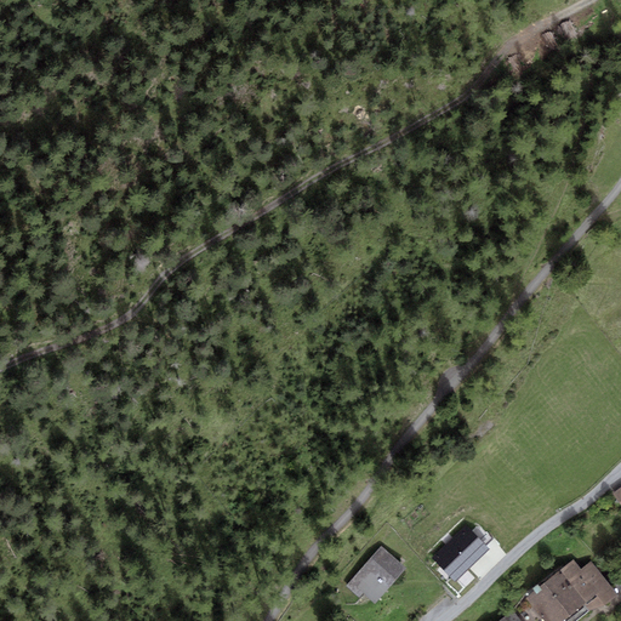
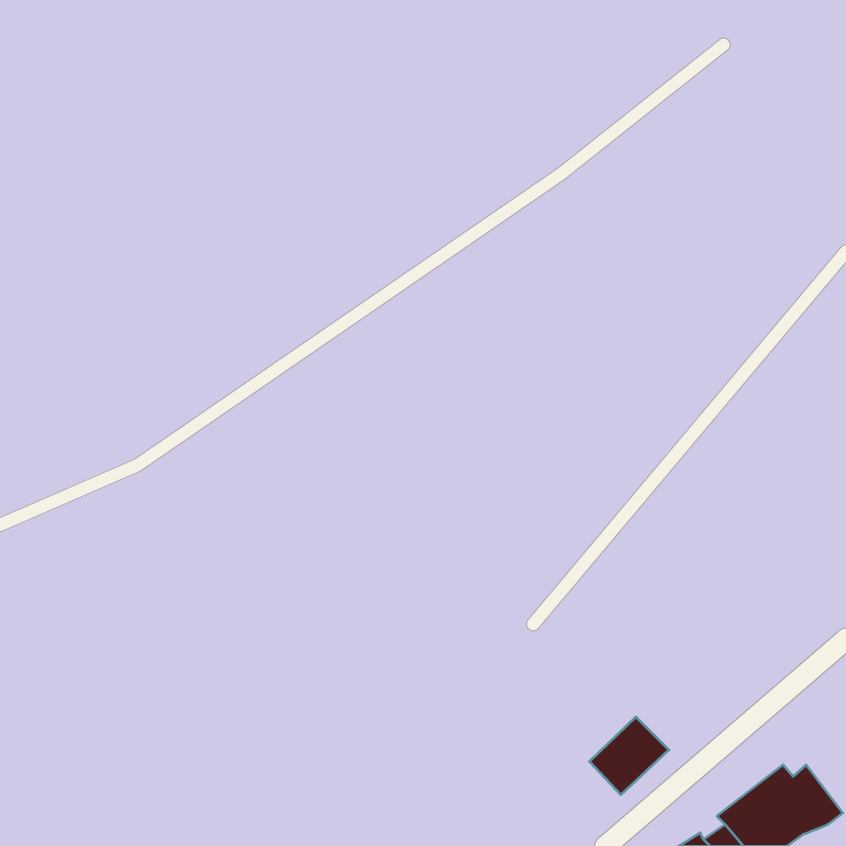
building: [346,546,406,604] -> none

